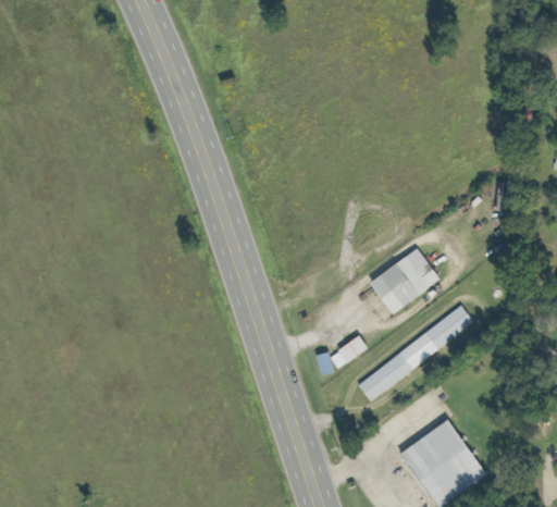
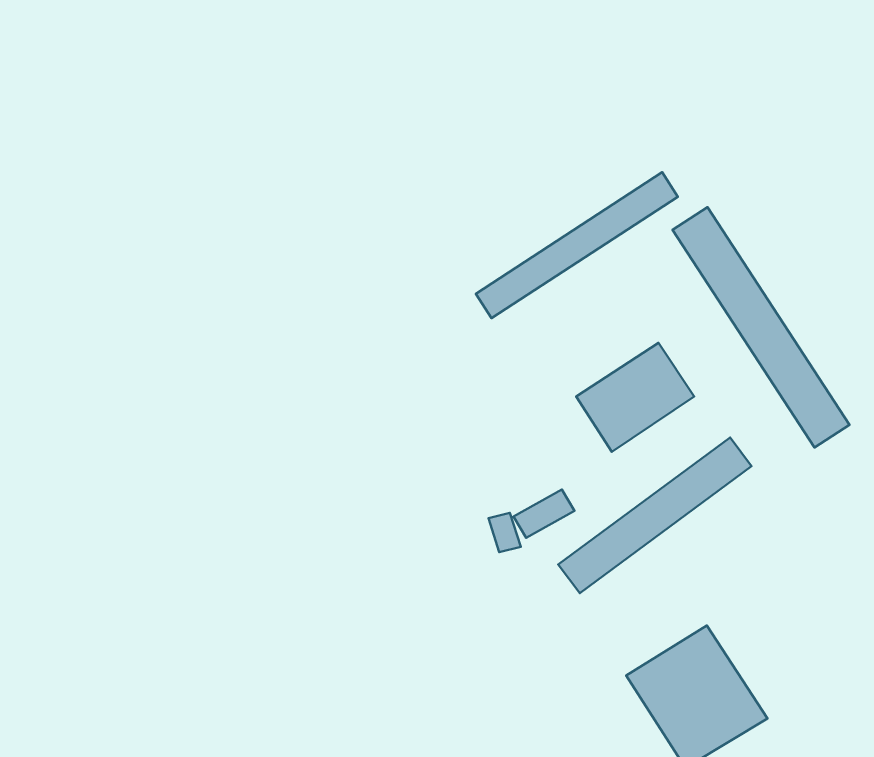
building: none -> [476,172,678,318]
building: none -> [672,207,849,447]

